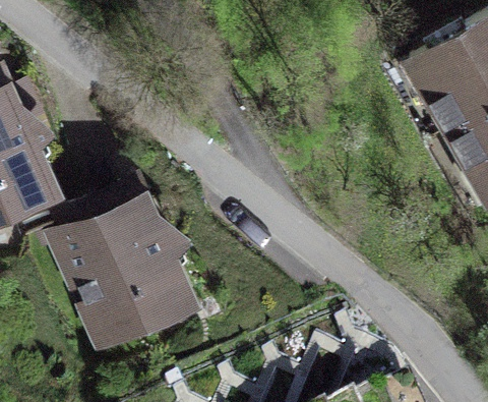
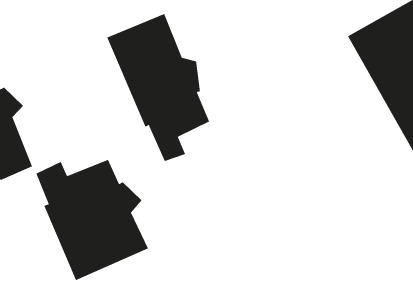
building: none -> [106,13,210,162]

